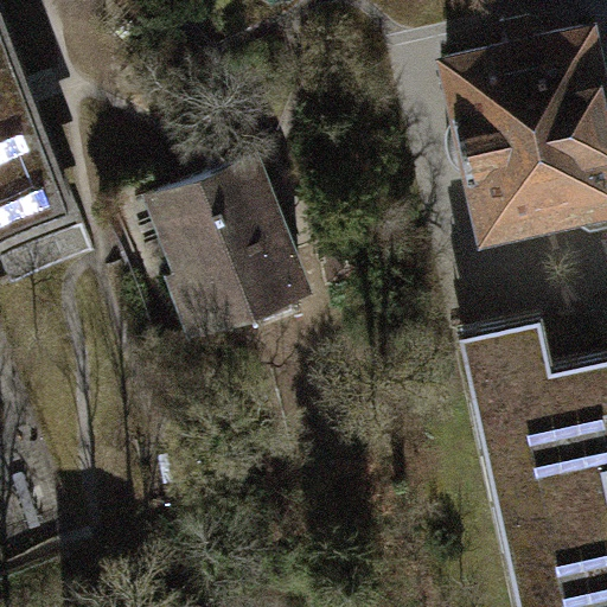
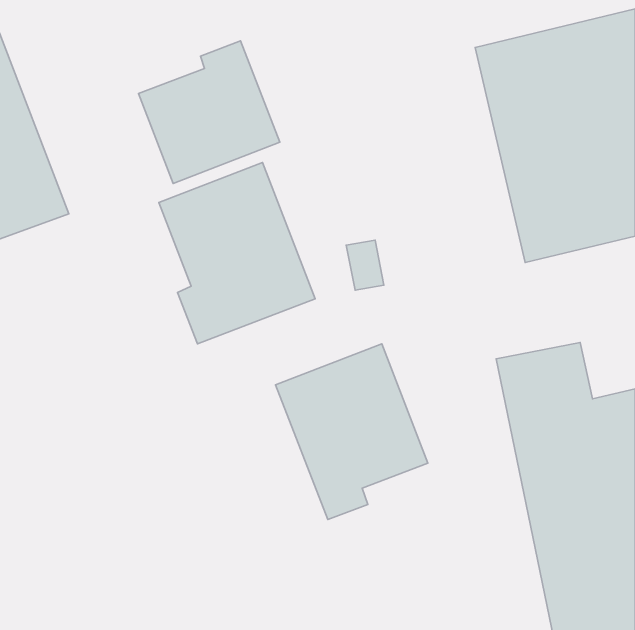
building: none -> [139,41,280,183]
building: none -> [276,344,428,520]

